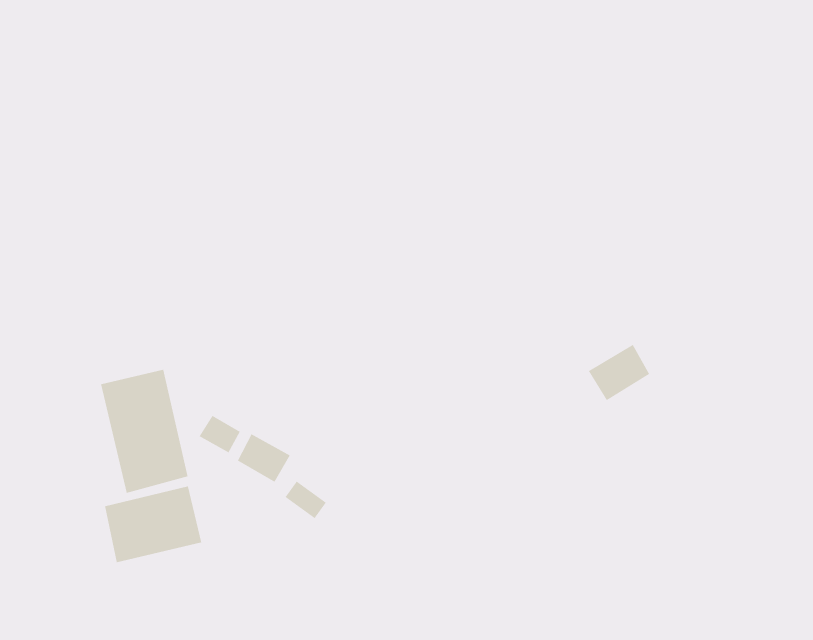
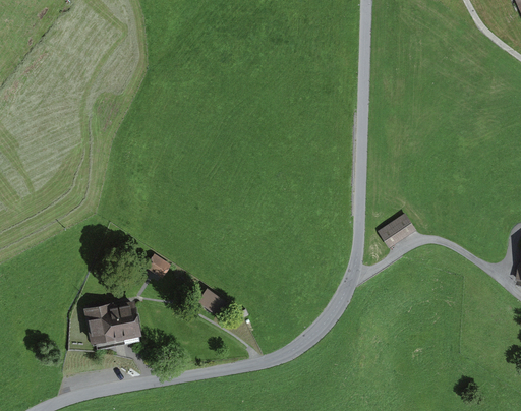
building: [100,369,189,494] -> none
building: [237,433,291,483] -> none

